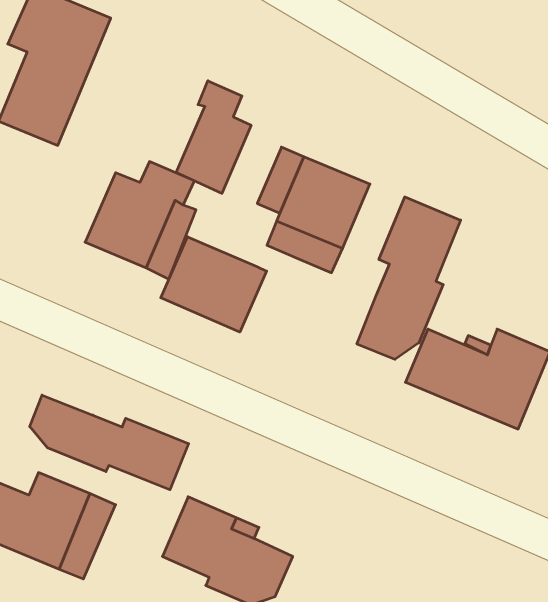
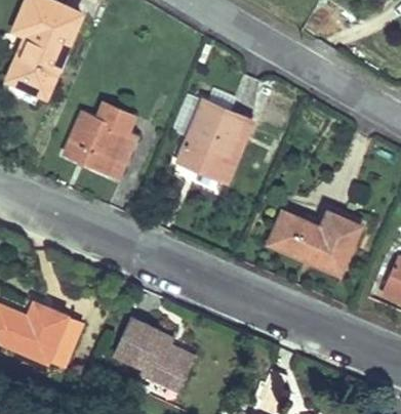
building: [176,81,251,193] -> none
building: [357,197,461,359] -> none
building: [161,237,267,332] -> none
building: [30,395,189,490] -> none

